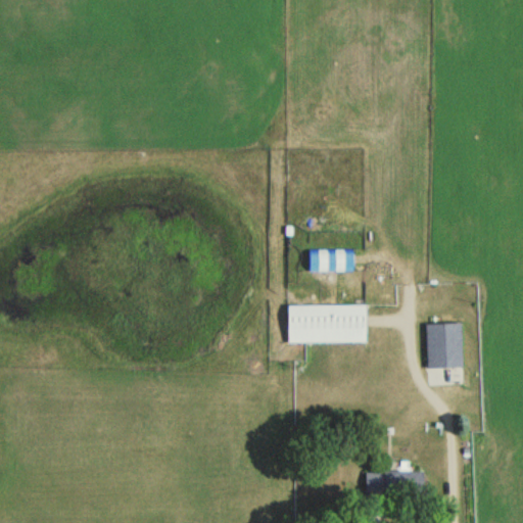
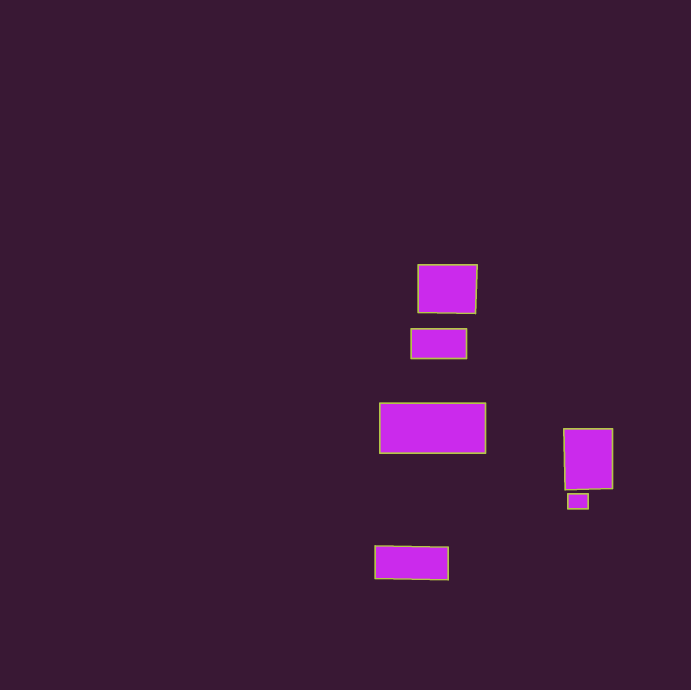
building: none -> [418,265,477,314]
building: [367,471,422,496] -> [375,546,448,580]

